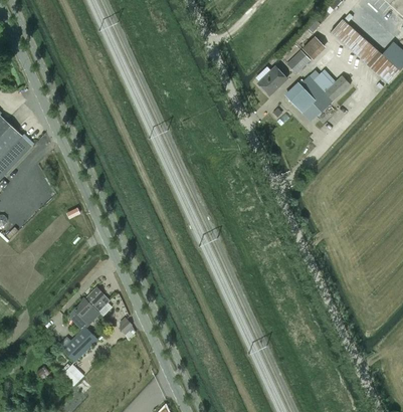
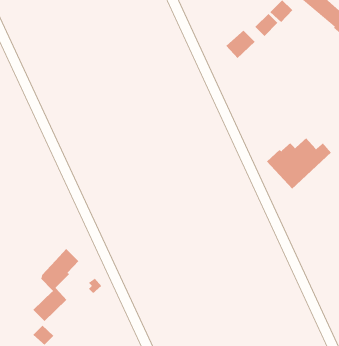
building: [284,69,351,122] -> [266,138,332,189]

